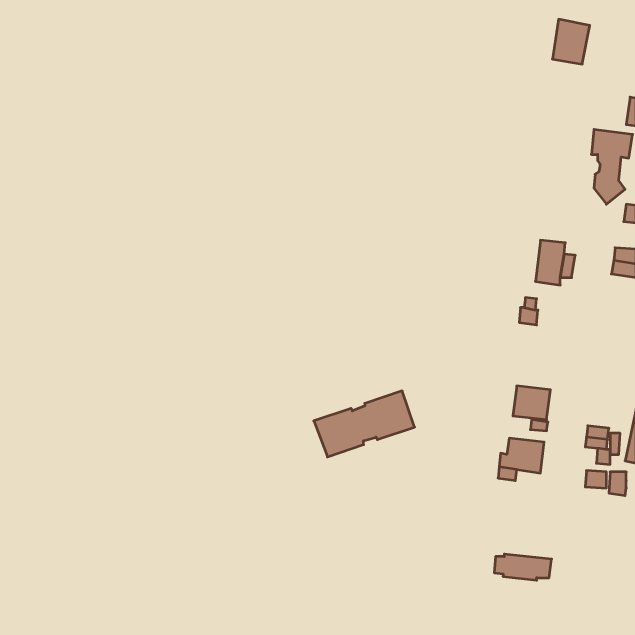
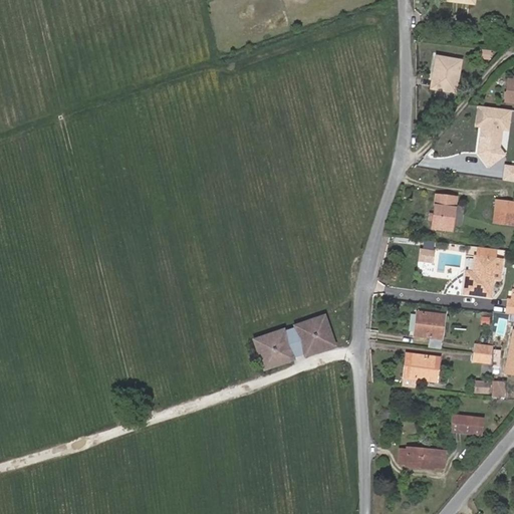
building: [552,19,590,64] -> [432,55,462,91]
building: none -> [465,246,503,296]
building: none -> [453,415,483,434]

